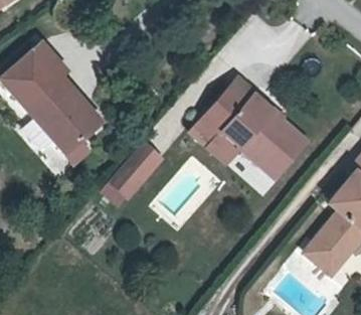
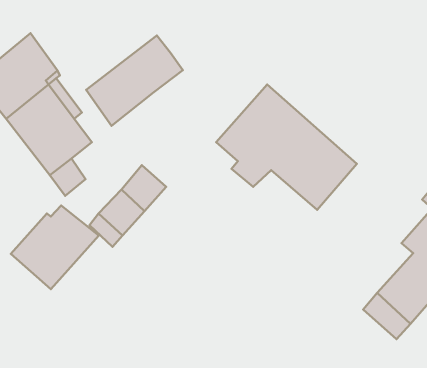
building: none -> [86,35,183,126]
building: none -> [11,205,99,289]

